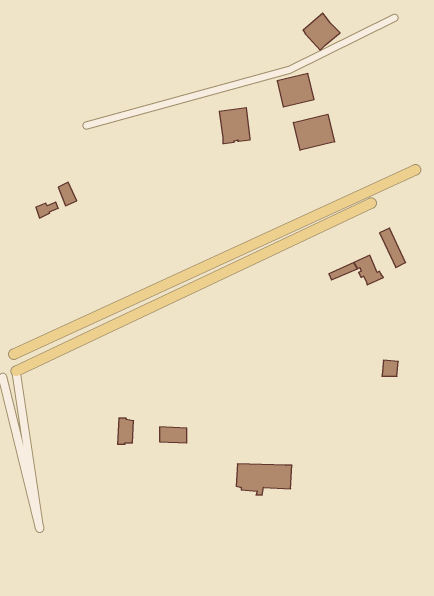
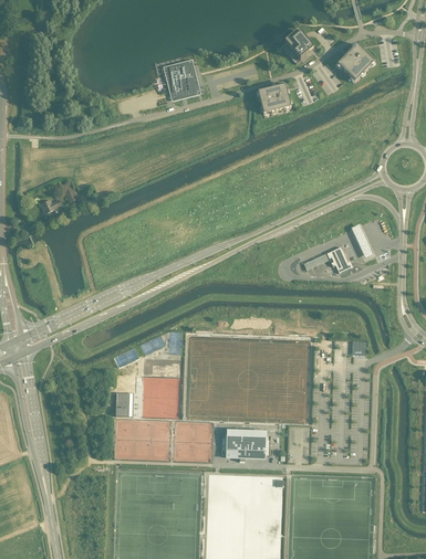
building: none -> [337,43,374,81]
building: [219,108,250,144] -> [168,64,196,96]
building: [293,114,335,150] -> none

